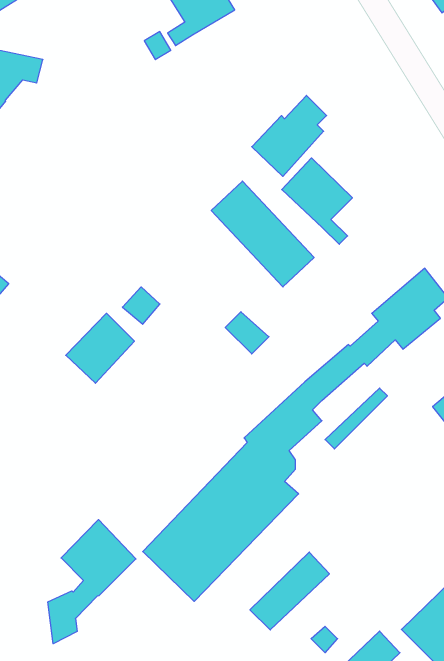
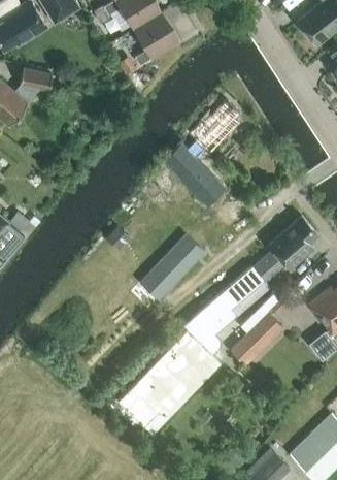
building: [282,158,352,244] -> none
building: [66,313,134,383] -> [139,255,184,301]
building: [48,520,136,644] -> none
building: [250,552,329,630] -> [230,314,282,365]

